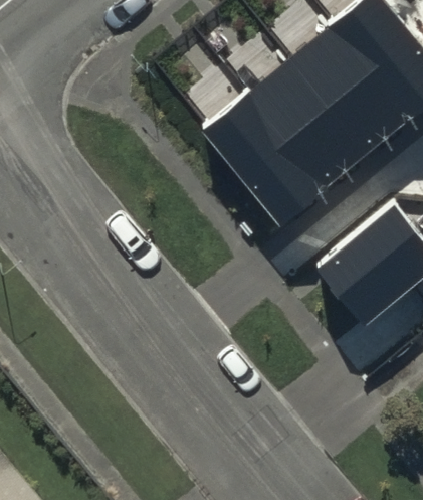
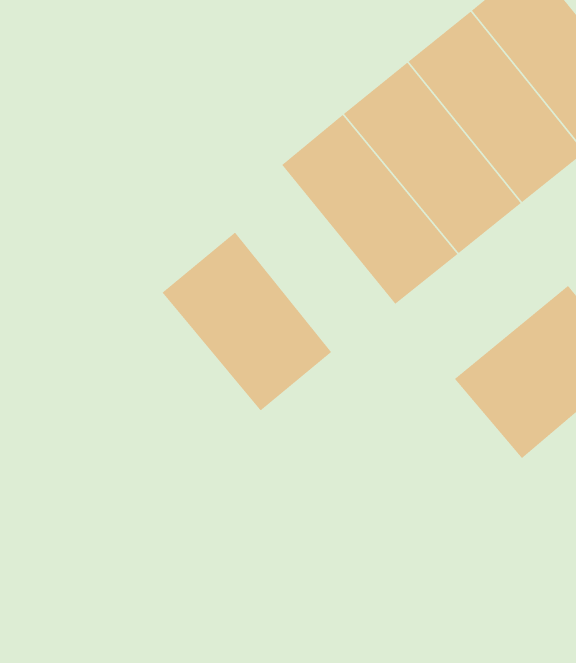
building: none -> [161,232,332,411]

